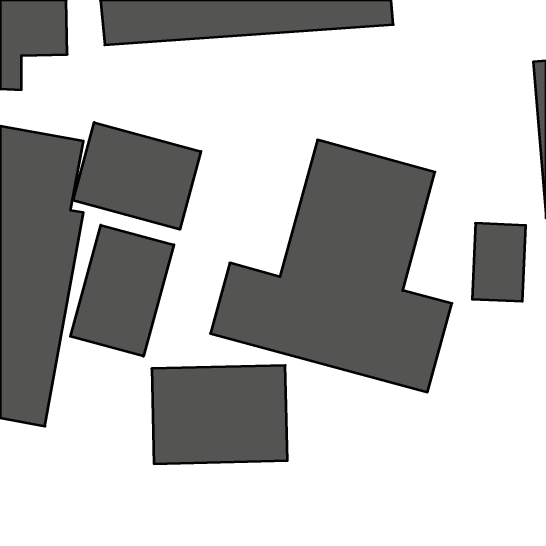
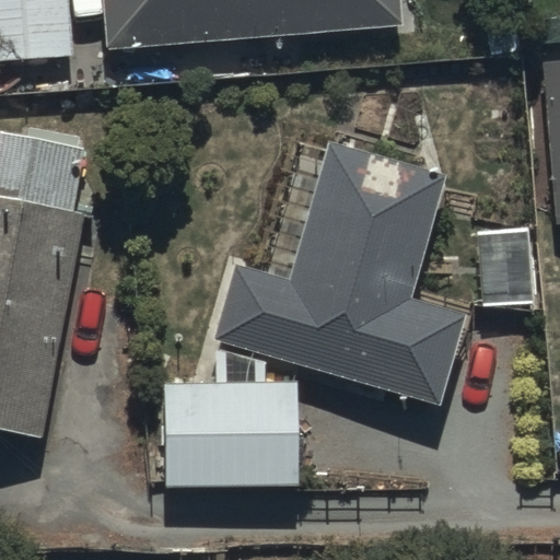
building: [73,122,201,229] -> none
building: [70,225,174,356] -> none

